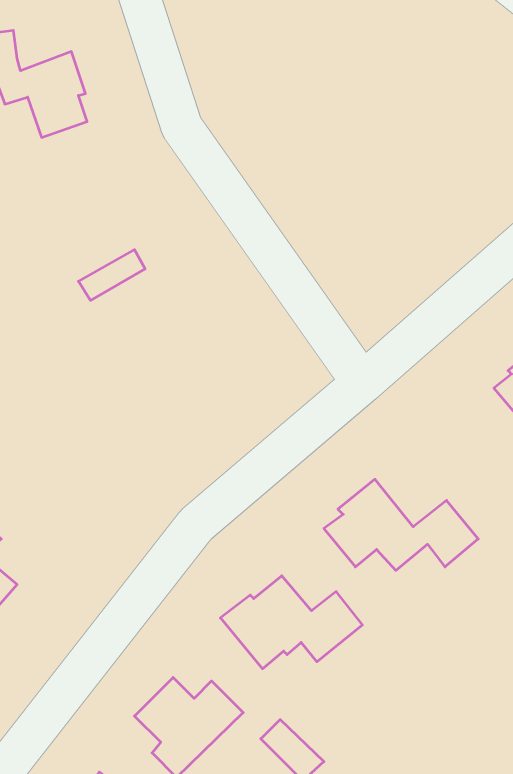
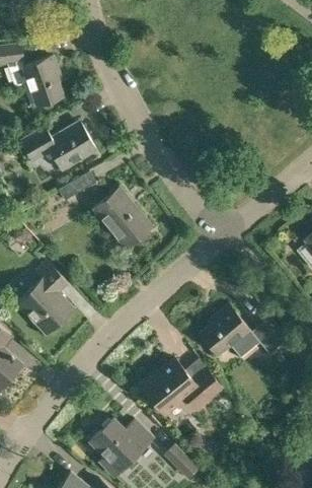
building: none -> [20,122,96,169]
building: none -> [93,187,151,248]
building: none -> [17,262,73,333]

